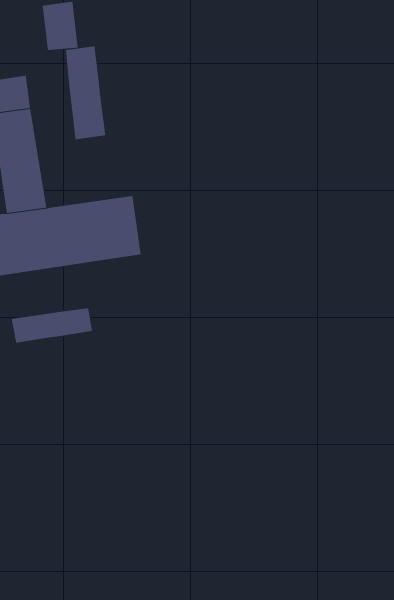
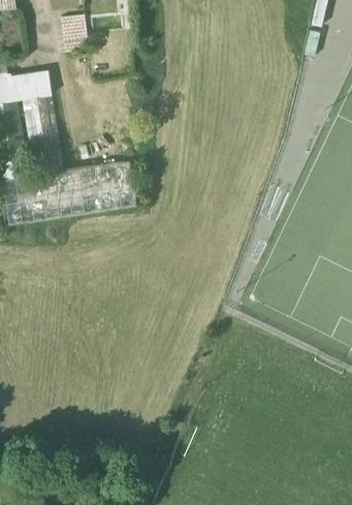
building: [65,46,106,140] -> none
building: [11,308,93,343] -> none

